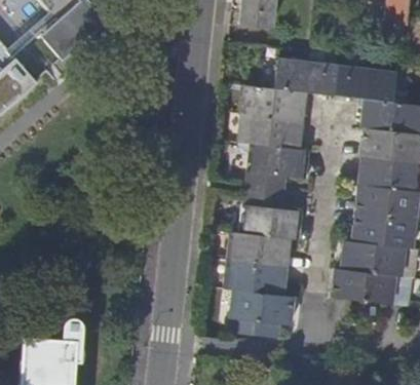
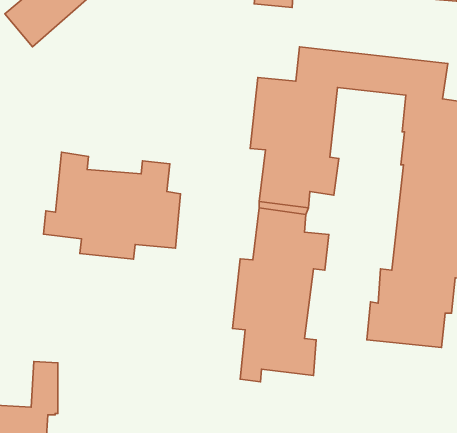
building: none -> [43,152,180,259]

